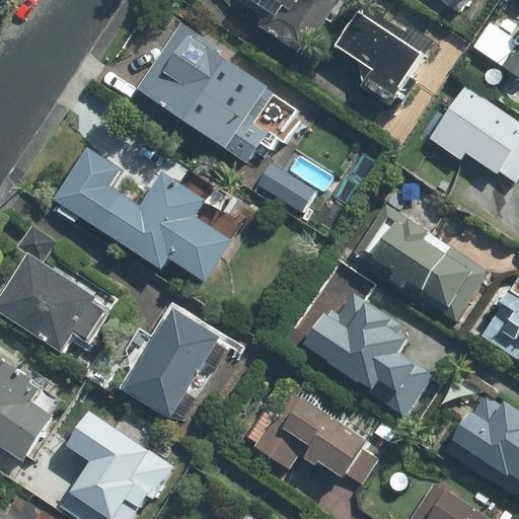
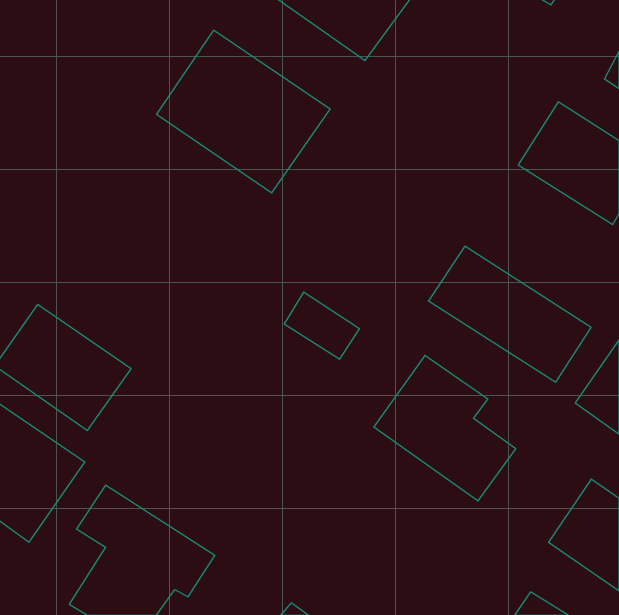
building: [331,13,421,105] -> none
building: [54,152,228,290] -> none
building: [253,159,316,215] -> [284,292,359,359]
building: [118,308,225,425] -> none
building: [263,381,371,470] -> none

